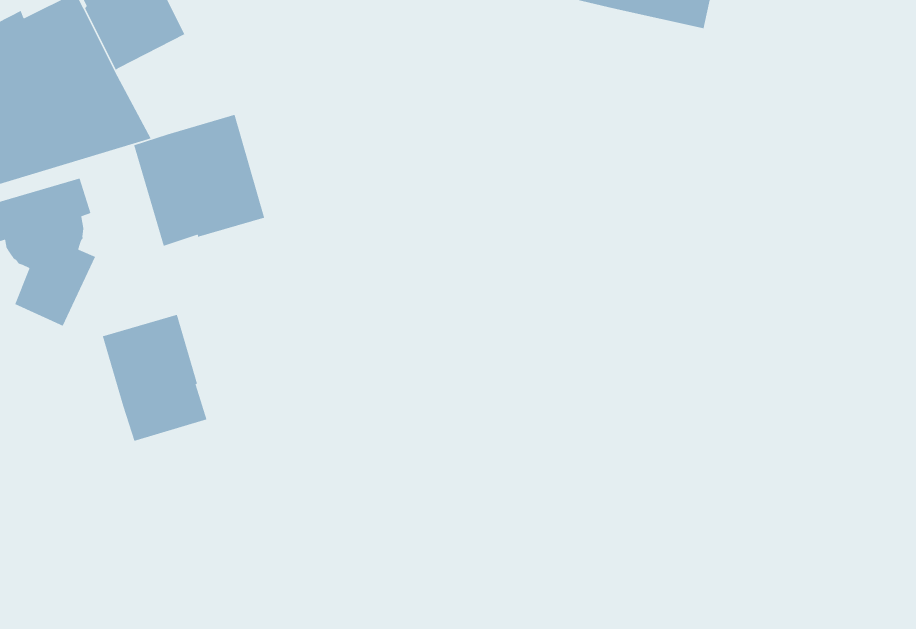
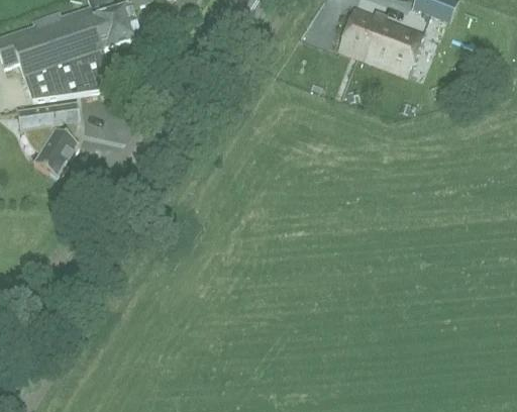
building: [133,114,265,247] -> none
building: [102,314,208,442] -> none

